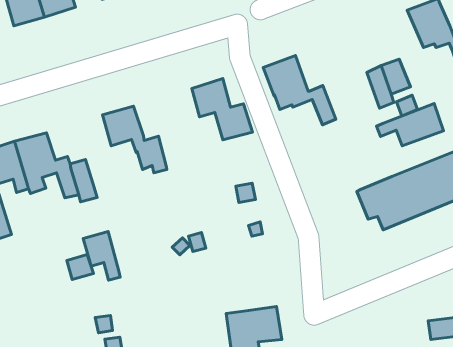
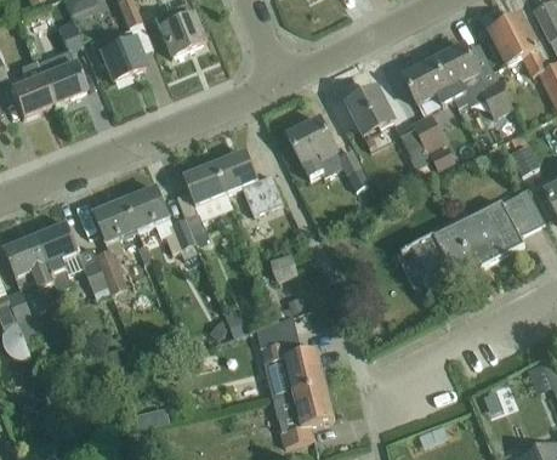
building: none -> [403,59,454,103]
building: none -> [347,89,393,136]
building: none -> [182,163,231,246]
building: [376,104,443,146] -> none
building: none -> [92,199,136,243]
building: [83,231,120,280] -> none
building: none -> [256,314,325,396]

